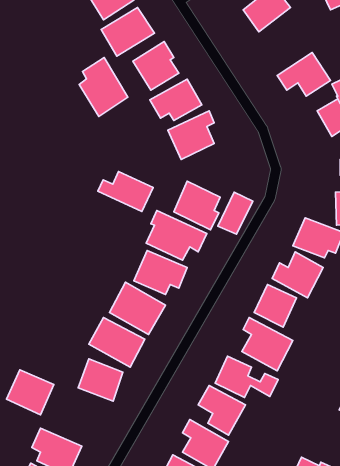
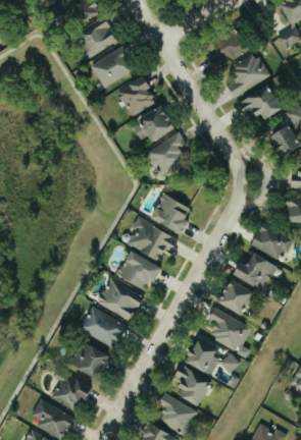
building: none -> [225,52,269,98]
building: [79,58,128,117] -> none
building: [98,171,153,212] -> none
building: [218,192,253,234] -> none
building: [7,370,54,415] -> [50,374,90,411]

